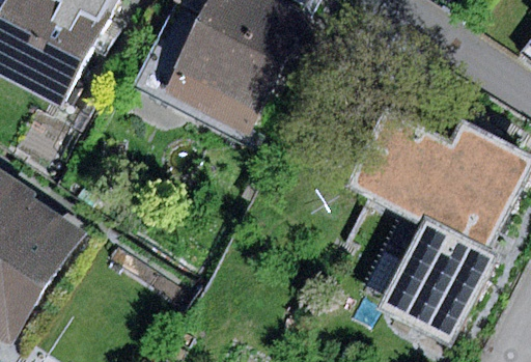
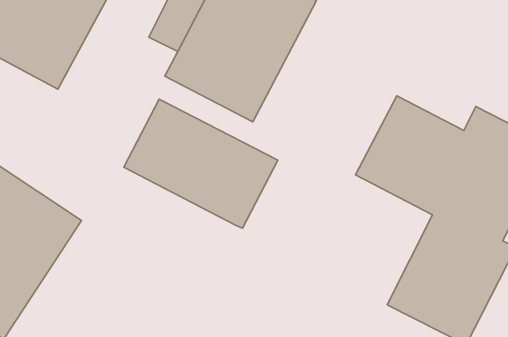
building: none -> [124,99,278,228]

